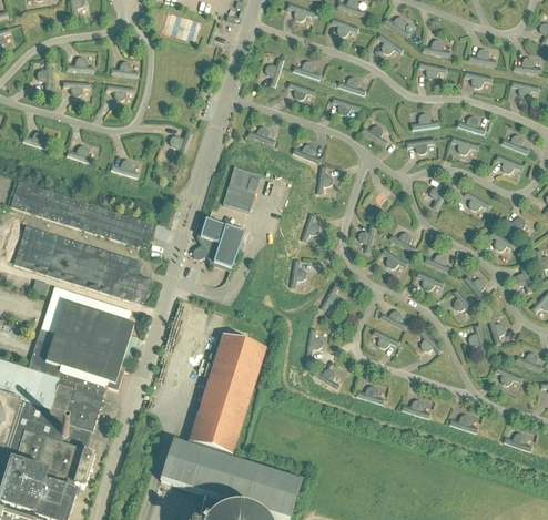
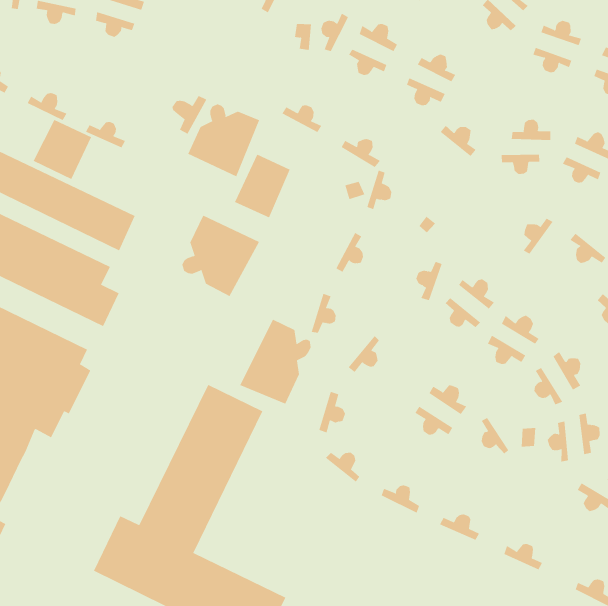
building: none -> [187,103,260,177]
building: none -> [33,119,92,180]
building: none -> [239,319,311,404]

